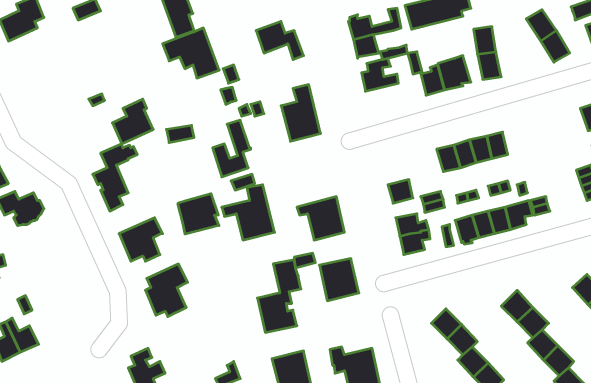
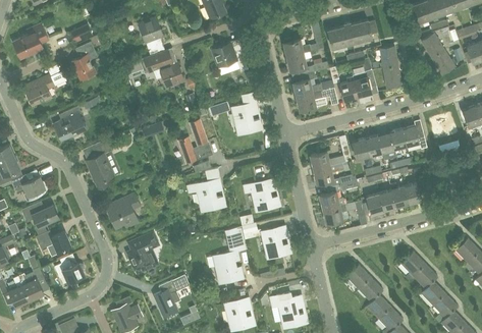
building: none -> [72,41,97,79]
building: none -> [23,71,64,104]
building: none -> [297,88,338,110]
building: [112,99,153,144] -> [54,106,86,141]
building: none -> [403,119,427,149]
building: none -> [311,145,352,169]
building: [178,194,219,234] -> none
building: none -> [21,205,58,225]
building: none -> [36,230,71,252]
building: none -> [54,261,85,281]
building: none -> [154,279,177,317]

